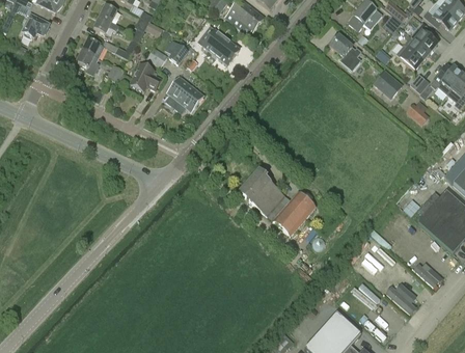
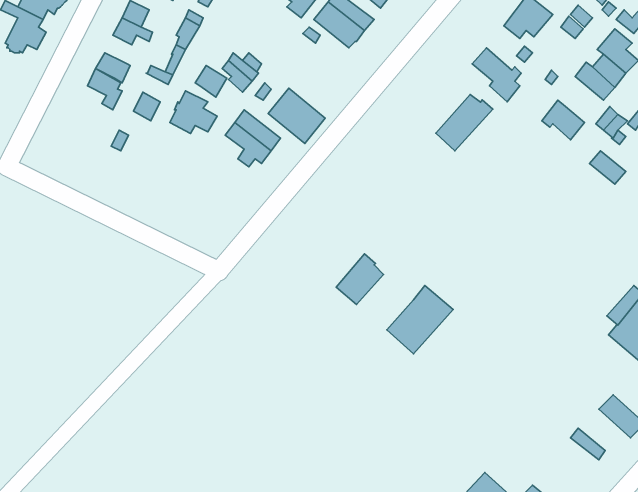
building: [201,28,239,64] -> [268,88,325,144]
building: none -> [436,94,493,151]
building: [252,183,290,219] -> none

